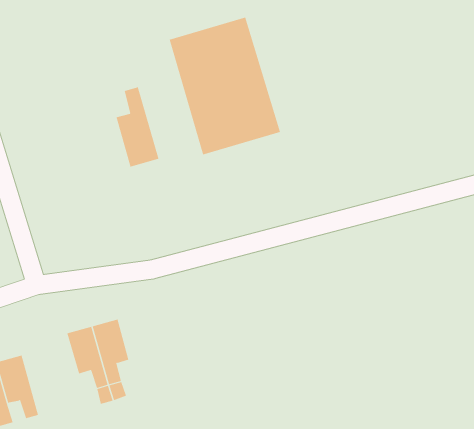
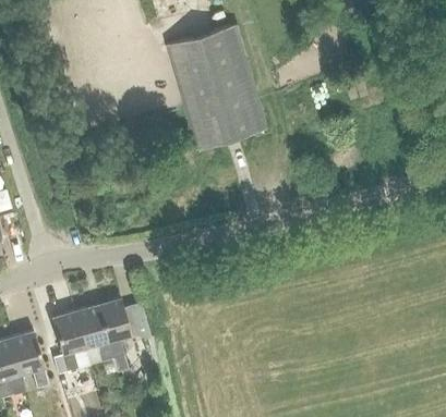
building: [116,86,159,168] -> none
building: none -> [51,311,85,371]

